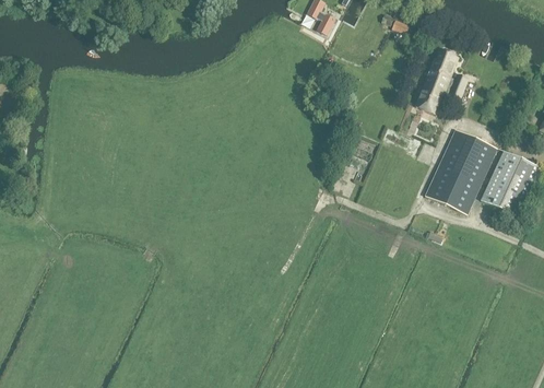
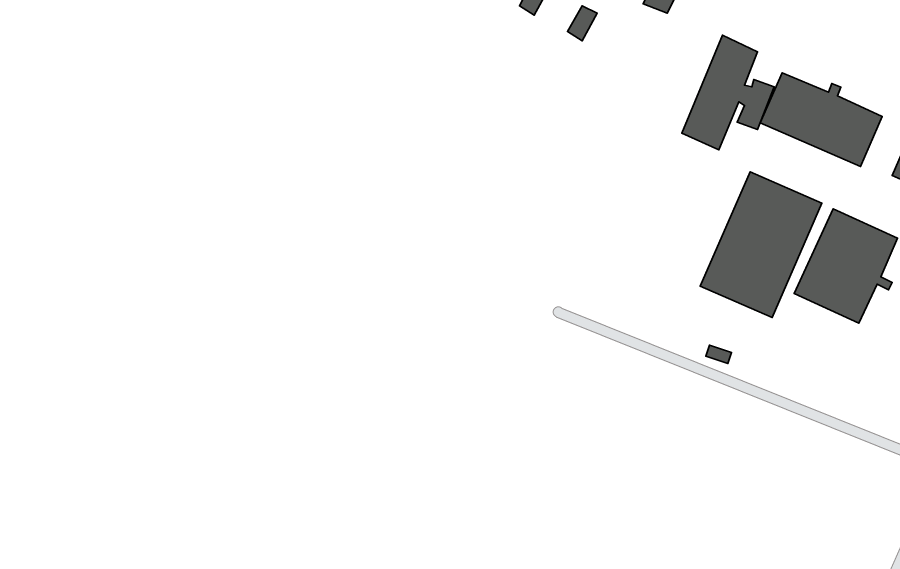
building: none -> [760,73,882,166]

